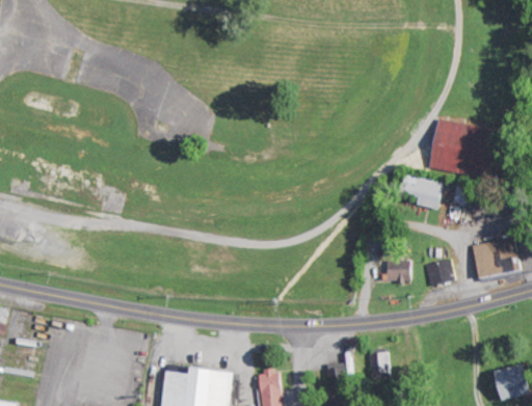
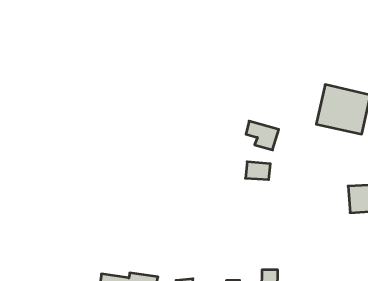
building: [400,175,441,210] -> [246,121,279,150]
building: [424,260,455,287] -> none
building: [380,261,410,281] -> [245,162,270,180]

